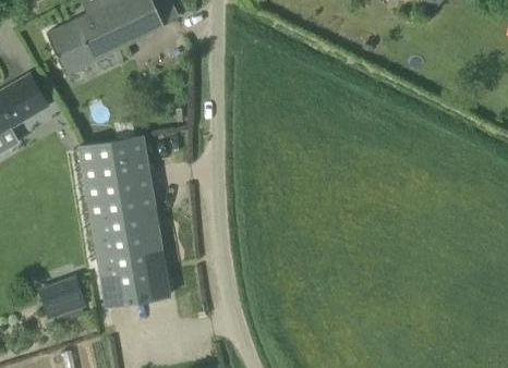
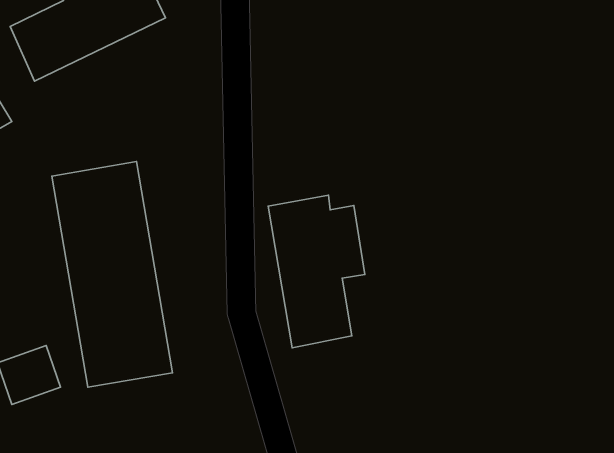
building: none -> [268,195,365,348]

